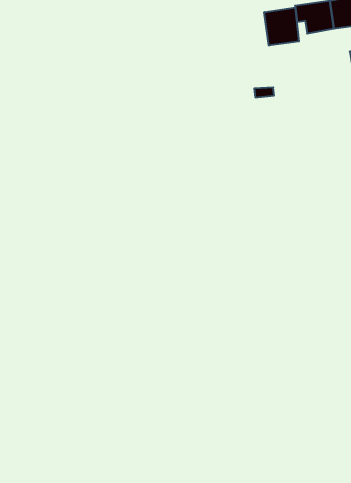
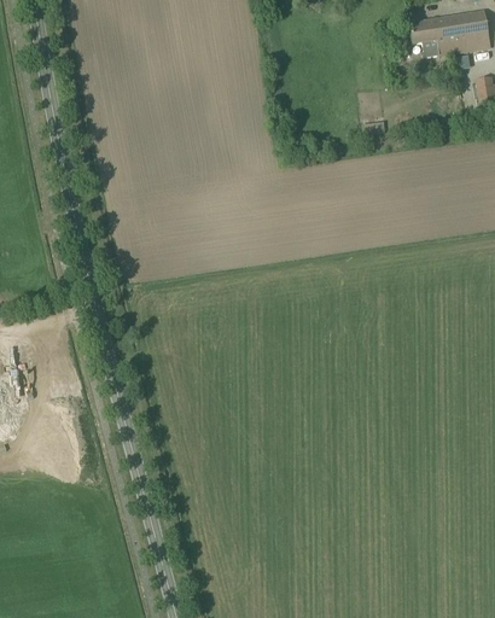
building: [264,8,299,46] -> none

